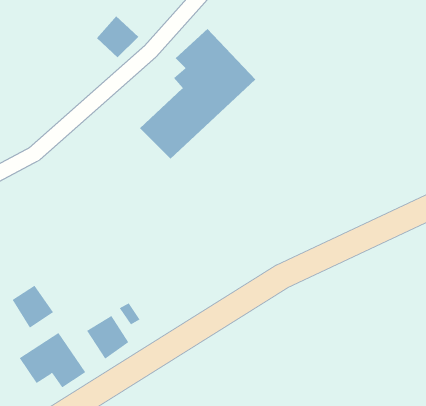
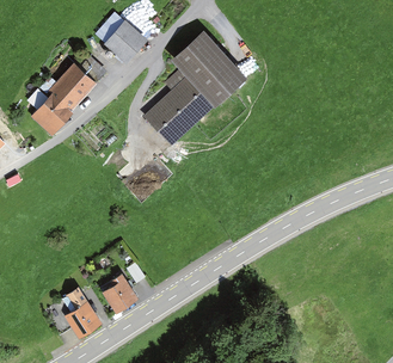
building: none -> [33,54,105,131]
building: [12,285,54,328] -> none

